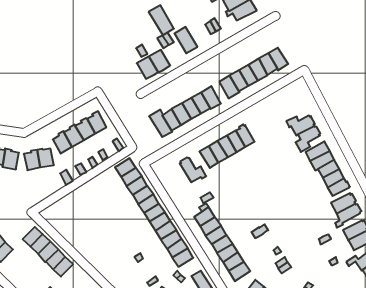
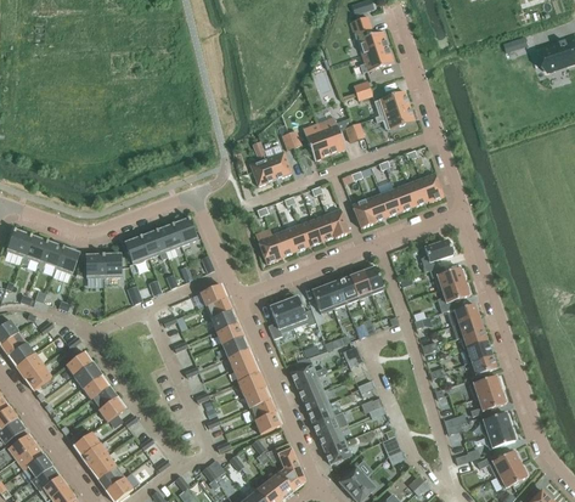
building: [149,5,174,35] -> [317,115,346,154]
building: none -> [421,238,455,271]
building: none -> [267,299,294,338]

